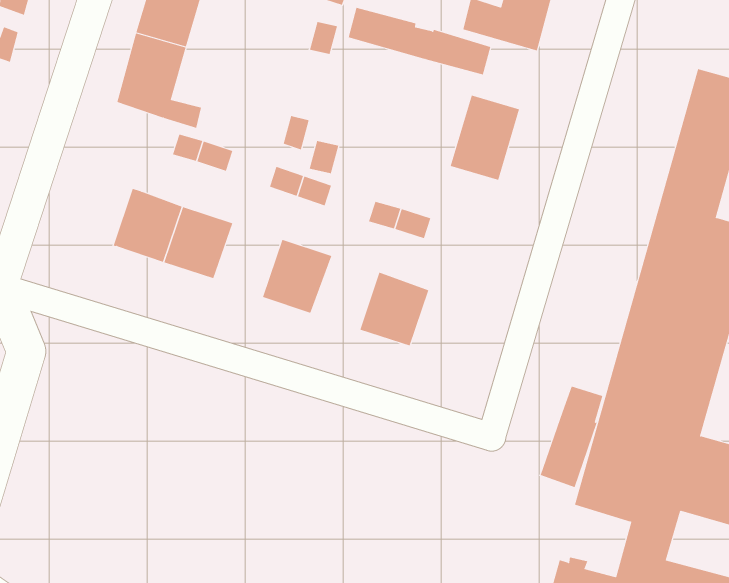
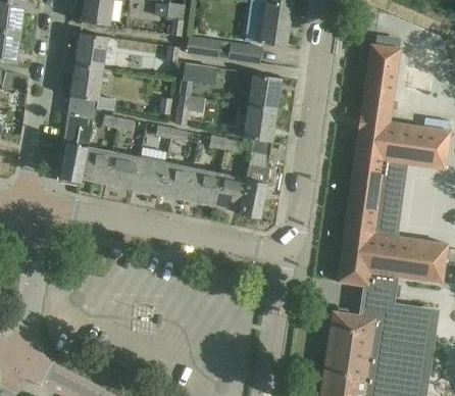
building: none -> [181,63,216,96]
building: none -> [59,103,95,182]
building: none -> [244,113,274,142]
building: none -> [133,158,165,195]
building: none -> [186,168,218,205]
building: [540,386,603,488] -> [239,165,266,218]

